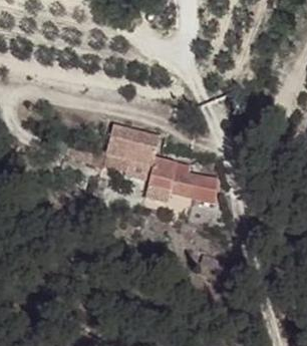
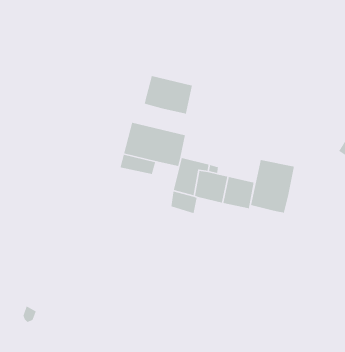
building: none -> [144,75,193,115]
building: none -> [250,159,295,214]

